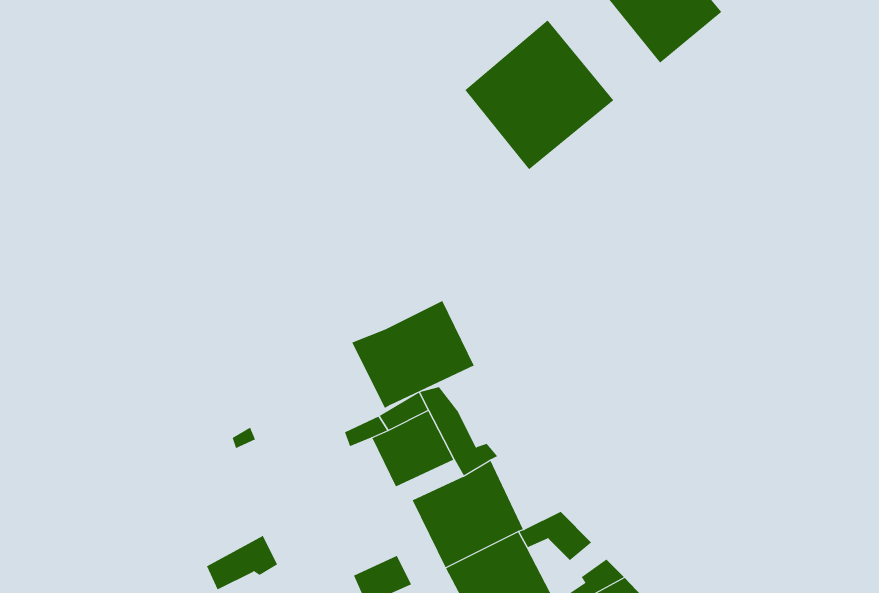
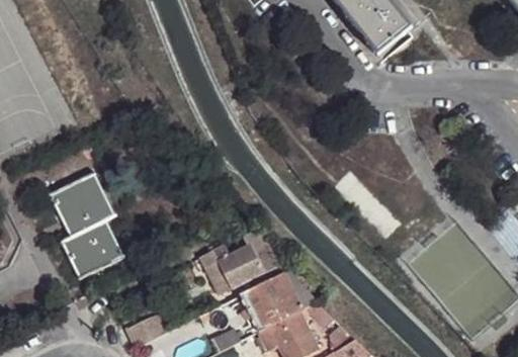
building: [464,20,614,170] -> none
building: none -> [49,171,123,279]
building: [351,300,474,409] -> none

